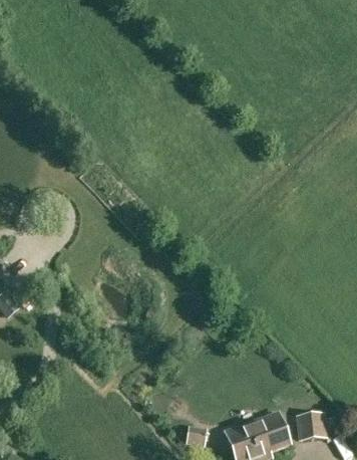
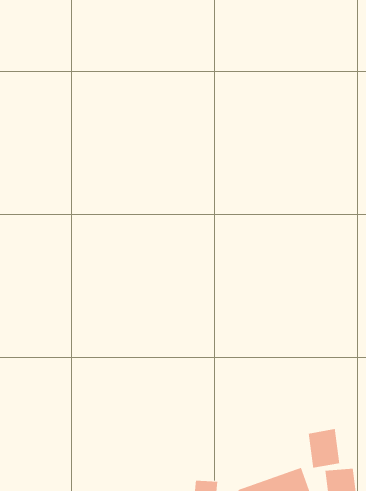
building: none -> [308,428,340,469]

